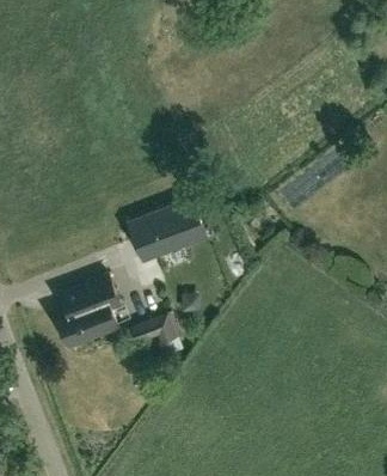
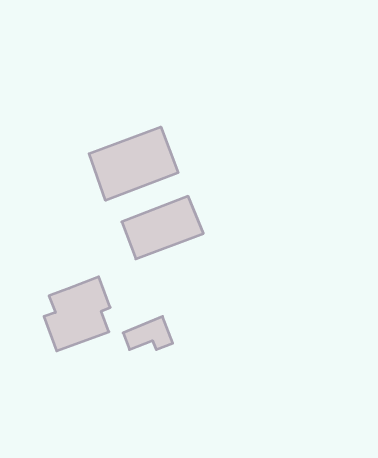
building: none -> [89,127,178,200]

